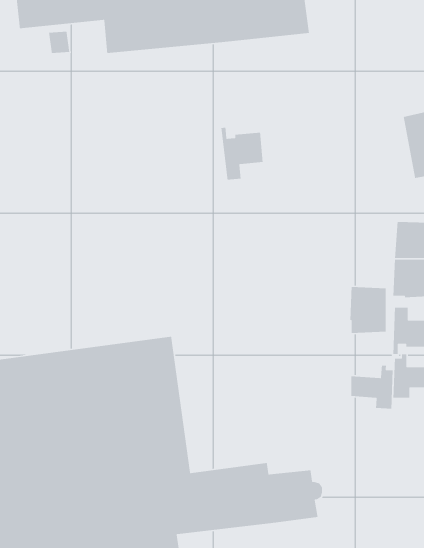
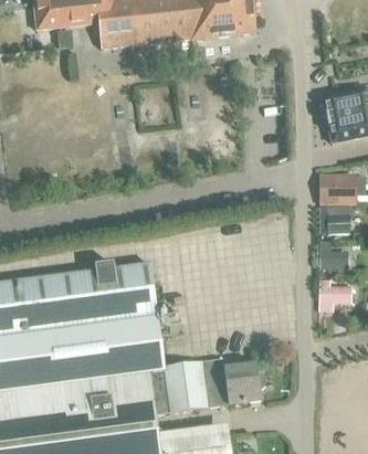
building: [220,127,264,181] -> none
building: [349,286,387,334] -> none
building: [350,365,394,410] -> none

